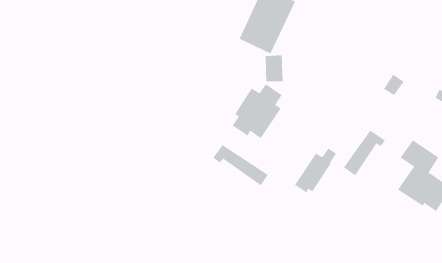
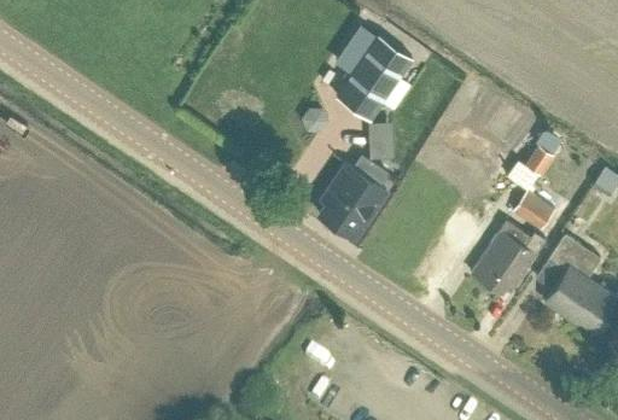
building: none -> [517,188,559,228]
building: [212,144,268,186] -> none
building: [294,148,337,193] -> [490,231,548,292]

